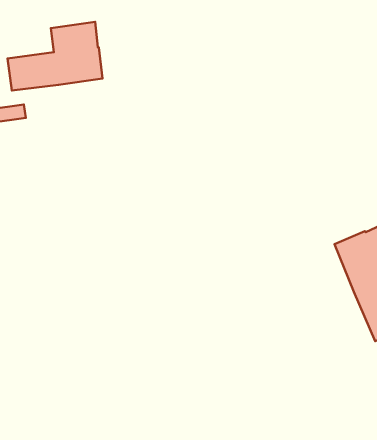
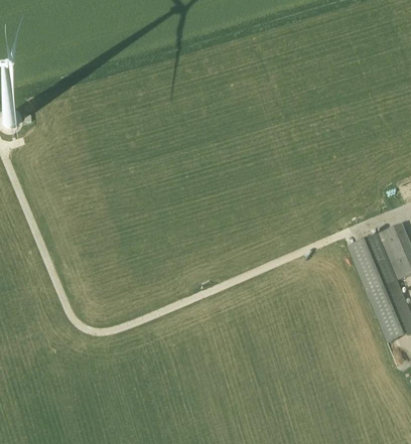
building: [8,22,103,90] -> none

